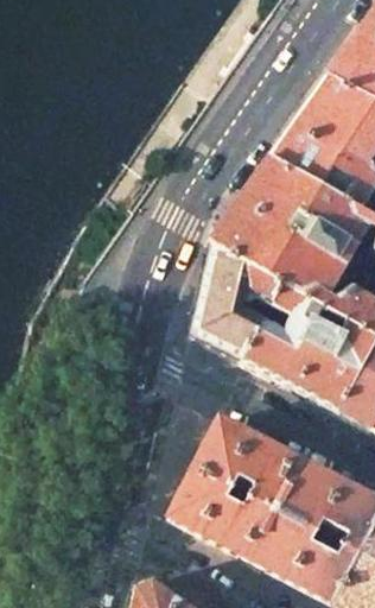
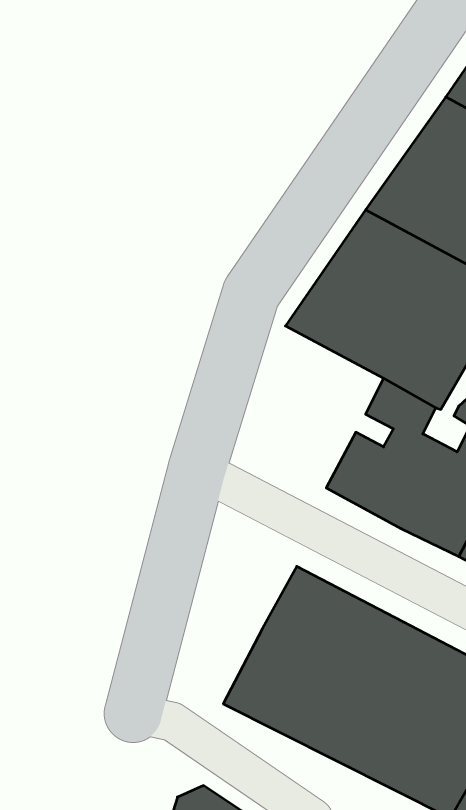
building: [190,241,282,359] -> none

